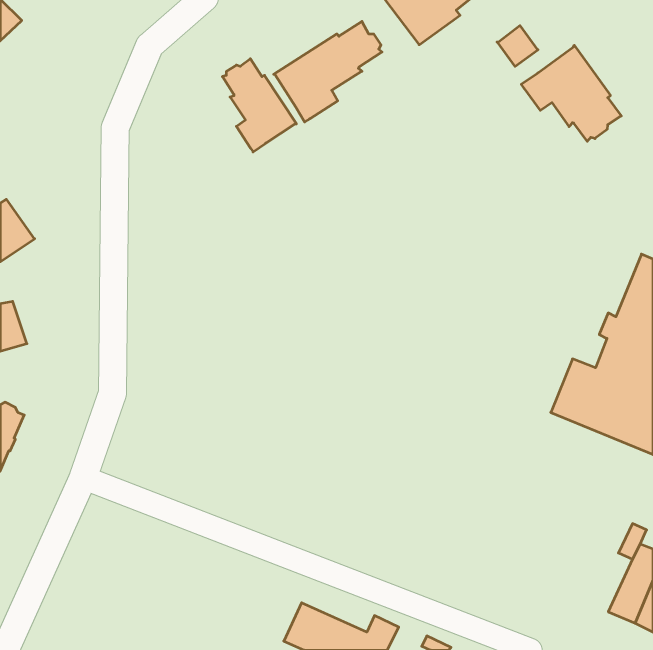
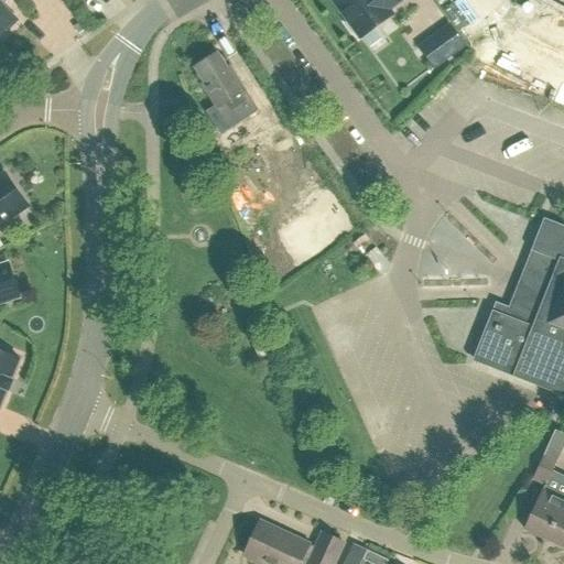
building: [274,21,382,122] -> none
building: [521,45,621,141] -> none

